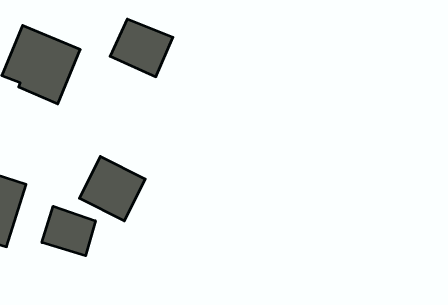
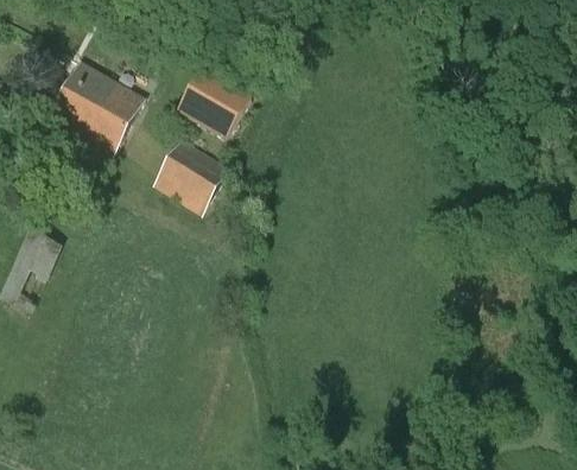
building: [79,156,145,221] -> [151,135,229,212]
building: [42,206,95,256] -> none

